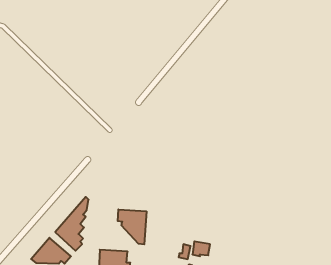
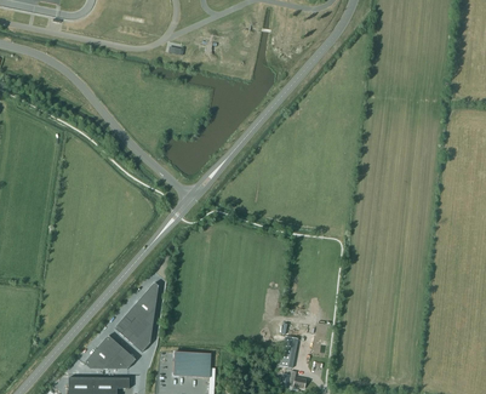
building: [118,209,146,244] -> none

